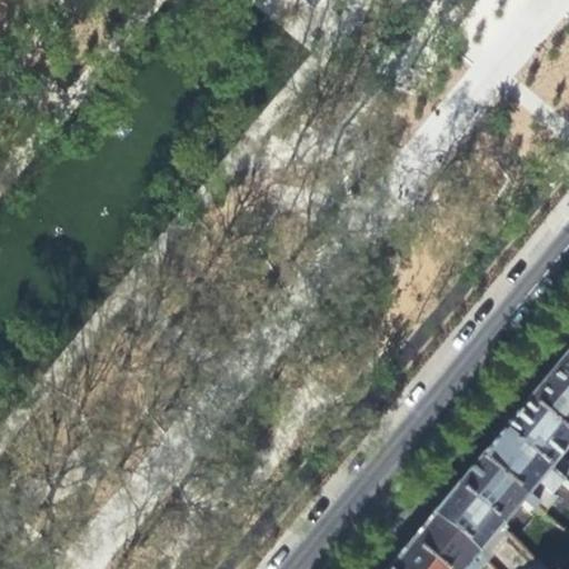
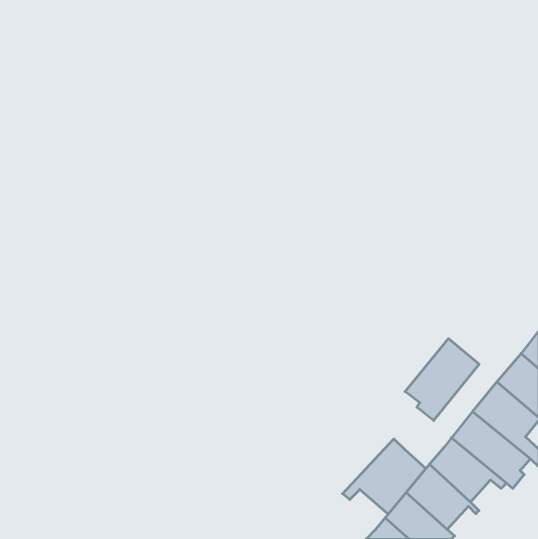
building: none -> [405,339,479,421]
building: none -> [342,439,426,514]

